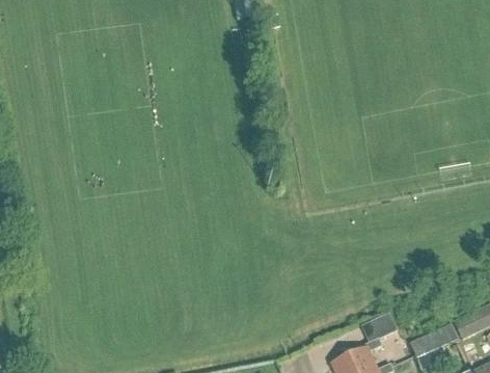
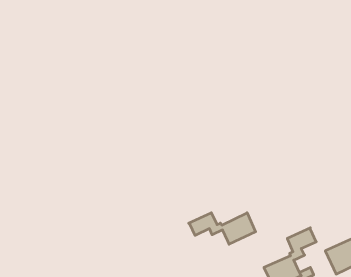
building: none -> [189,213,256,244]

